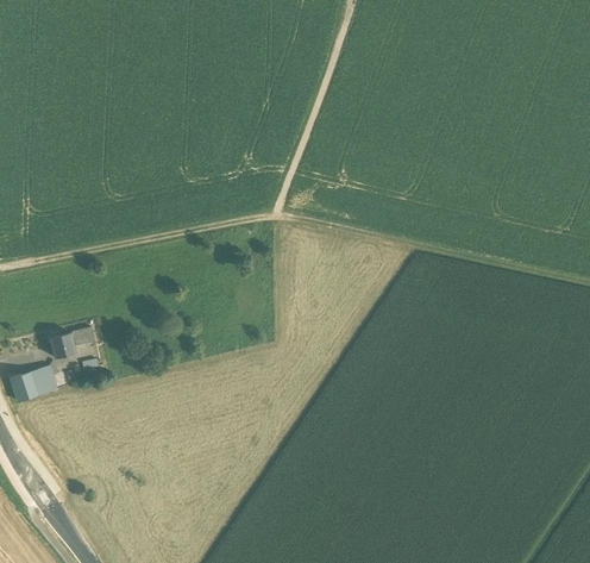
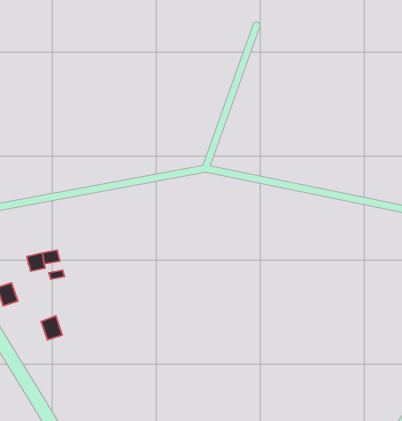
building: [30,364,57,395] -> [41,316,62,340]

